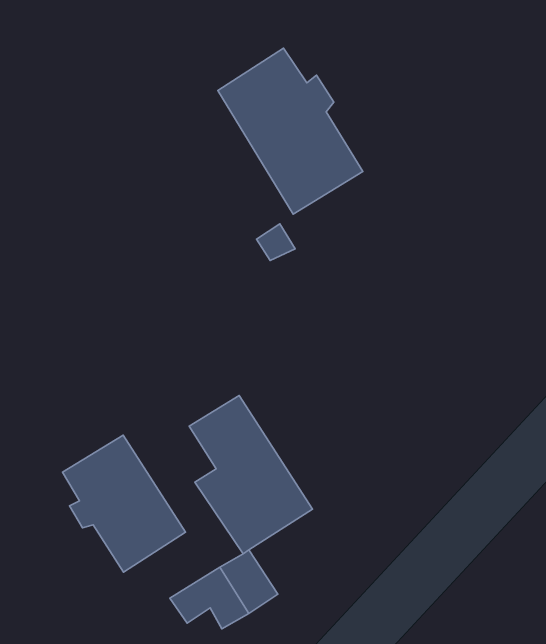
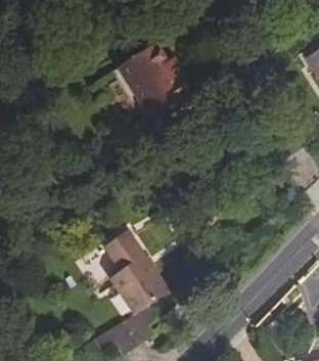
building: [63,435,186,572] -> none

